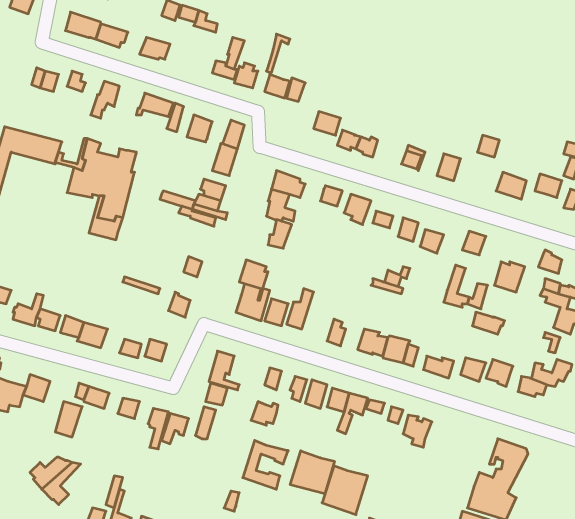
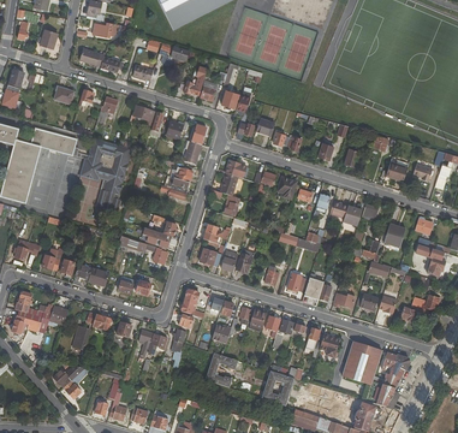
building: none -> [341,340,381,385]
building: [290,451,334,494] -> none

